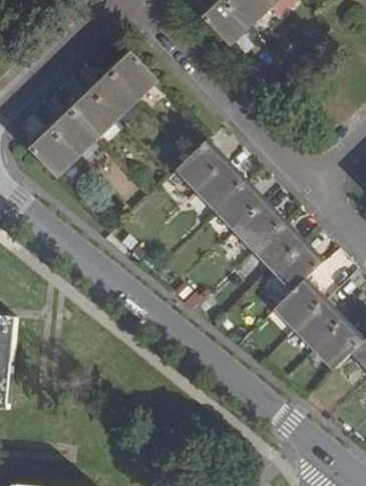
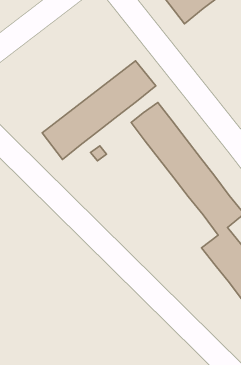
building: [28,52,156,178] -> [42,61,156,159]

